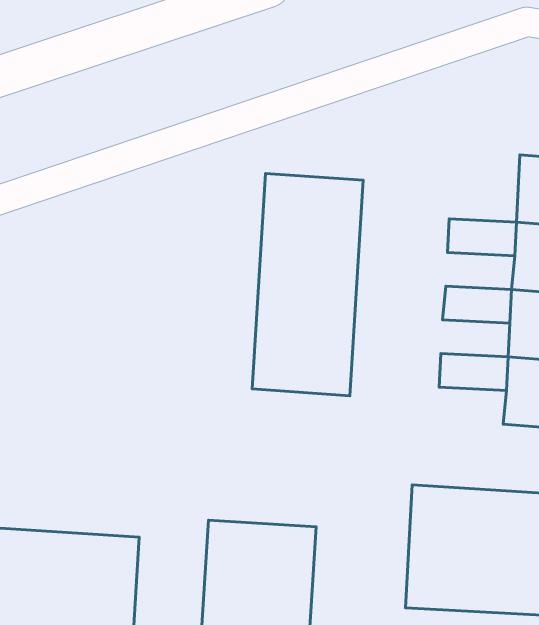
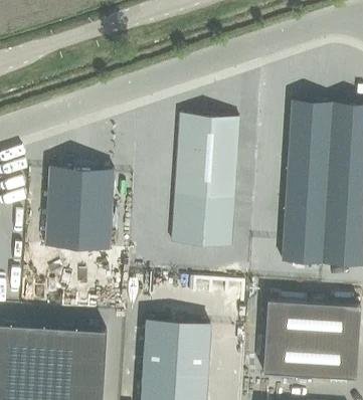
building: none -> [290,102,332,144]
building: none -> [288,162,329,184]
building: none -> [45,167,114,250]
building: none -> [285,202,326,224]
building: none -> [283,242,324,264]

